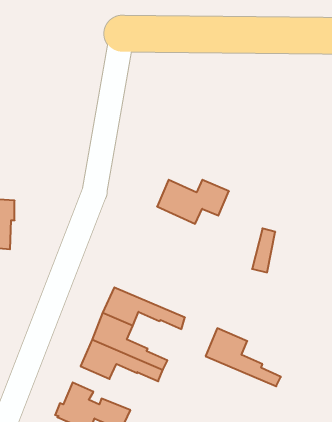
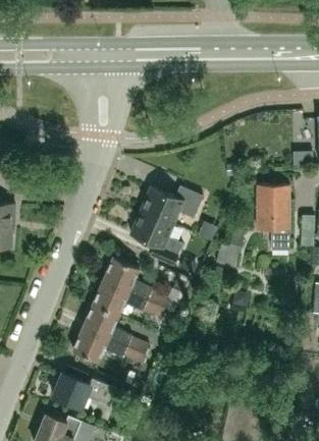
building: none -> [256,185,289,251]
building: none -> [129,210,182,266]
building: [206,328,281,386] -> [102,257,168,308]

